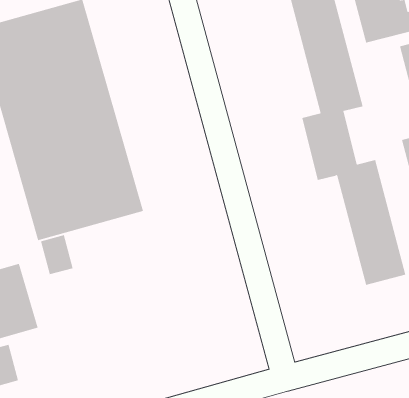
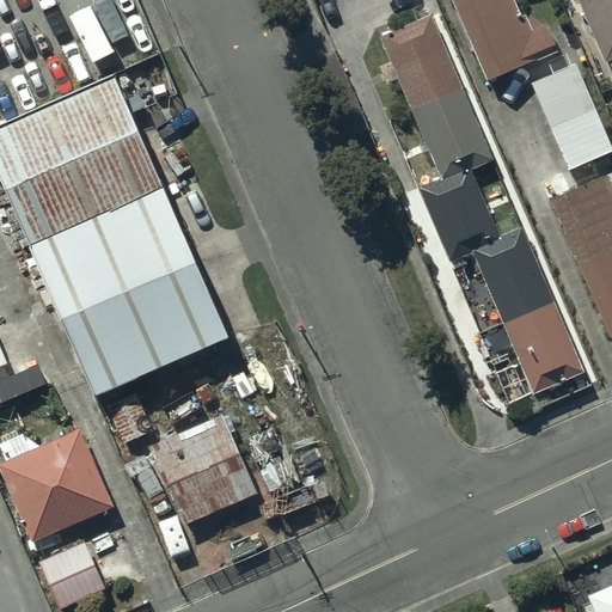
building: none -> [148,409,255,519]

